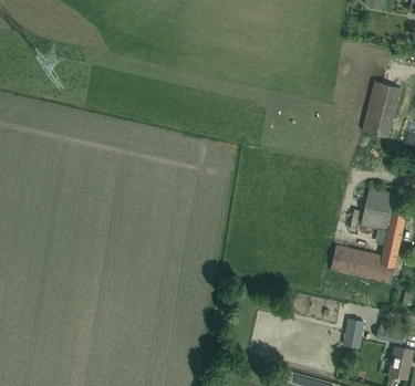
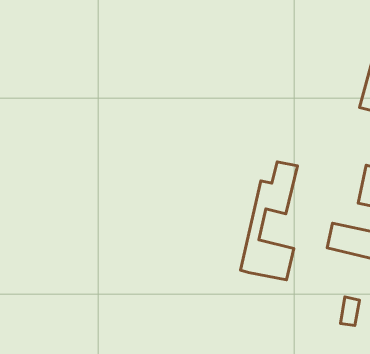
building: none -> [240,162,297,280]

